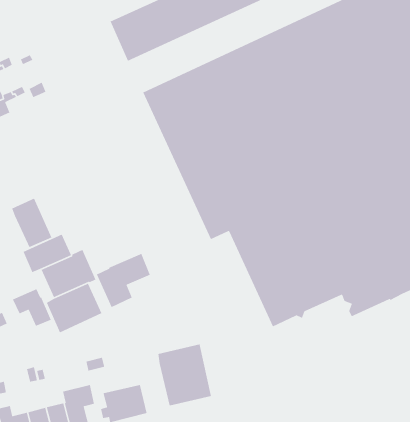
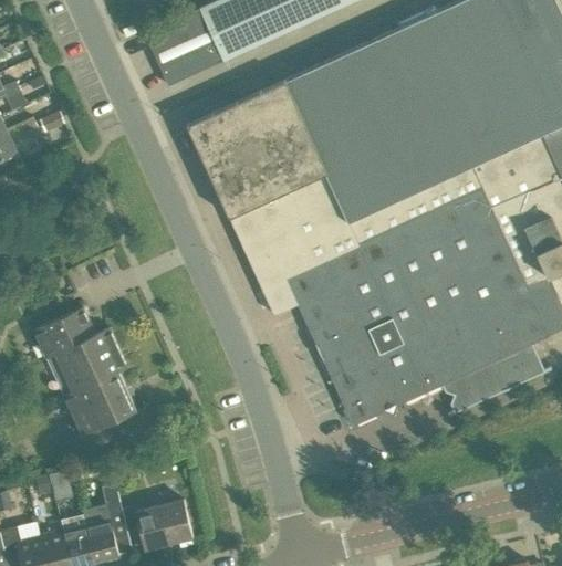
building: [11,198,52,249] -> none
building: [96,253,151,308] -> none
building: [12,288,52,327] -> none
building: [158,343,212,407] -> none

